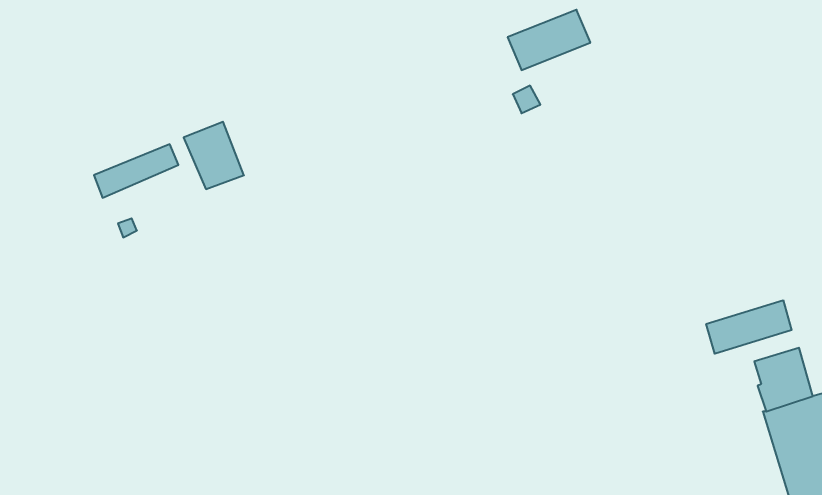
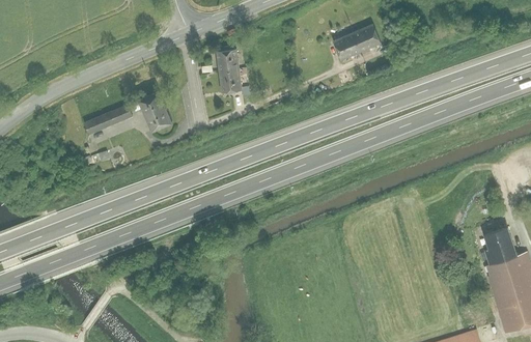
building: none -> [217,48,245,95]
building: [706,300,792,354] -> none

